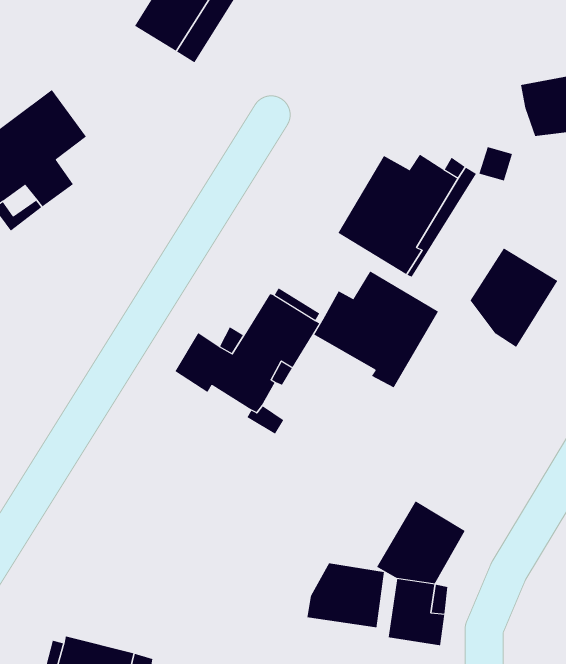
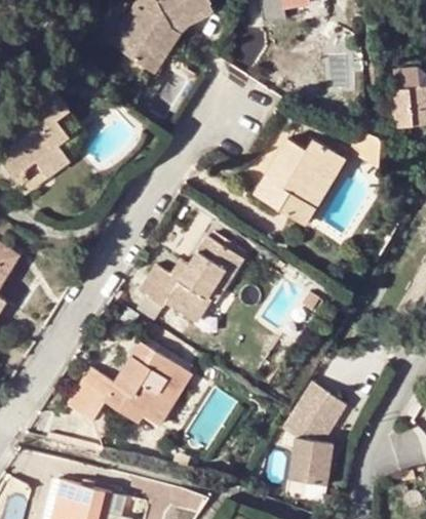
building: [470,247,558,348] -> none
building: [314,271,439,388] -> none
building: none -> [69,342,191,425]
building: [307,563,384,628] -> none

